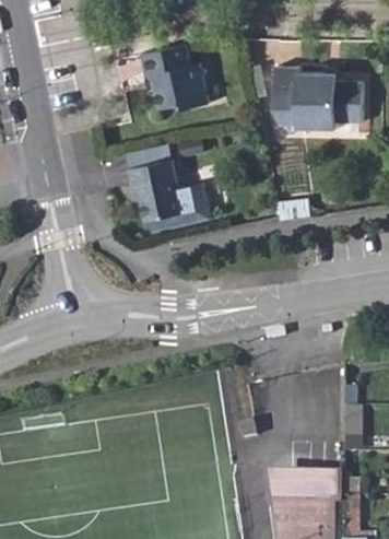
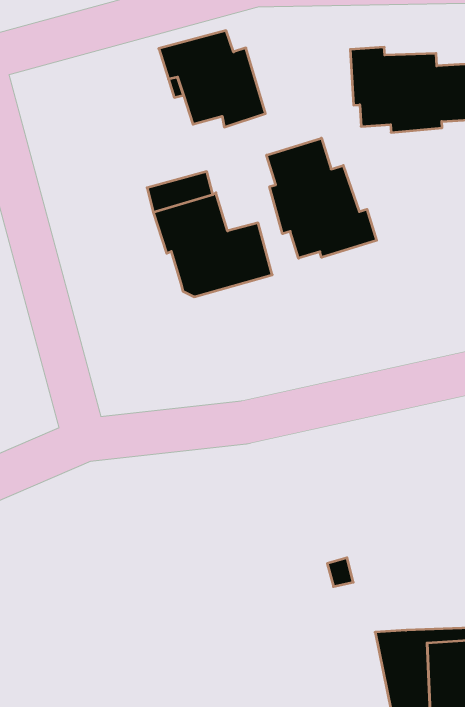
building: none -> [267,138,377,258]

